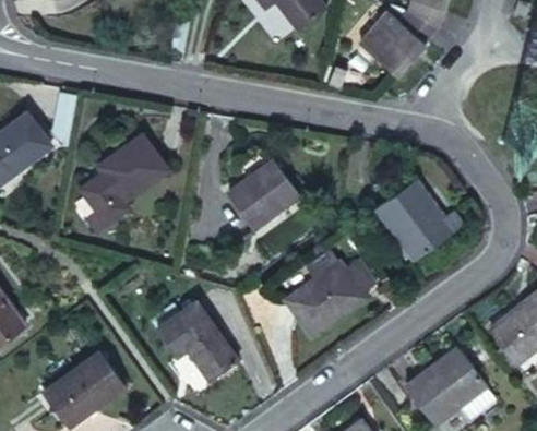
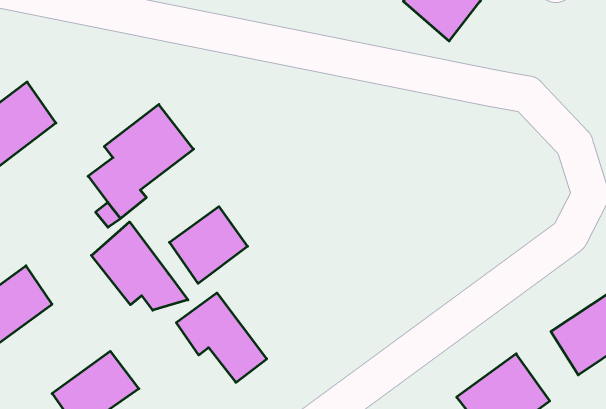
building: [236,160,305,228] -> [169,207,248,283]
building: [377,176,465,258] -> none
building: none -> [91,222,188,310]
building: [289,255,367,331] -> none

